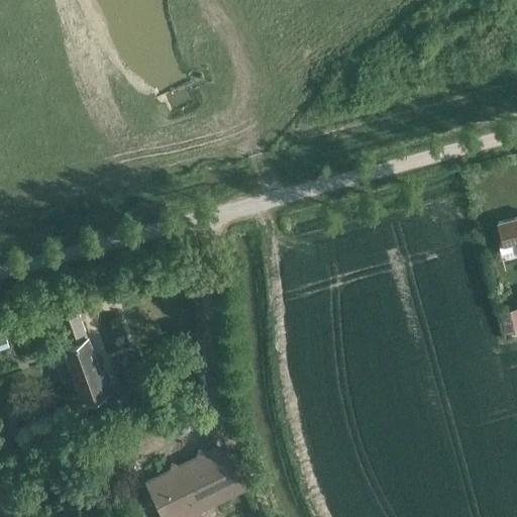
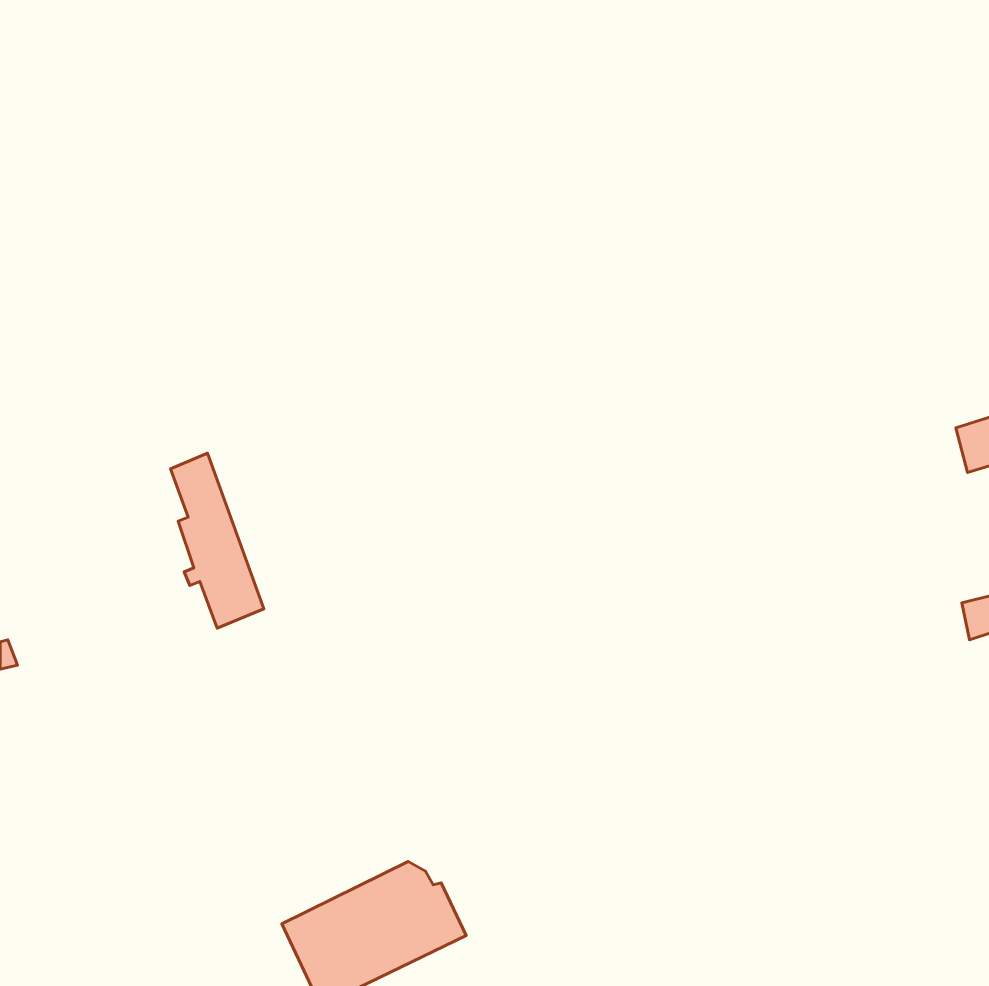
building: [60,313,108,404] -> [171,453,264,628]

